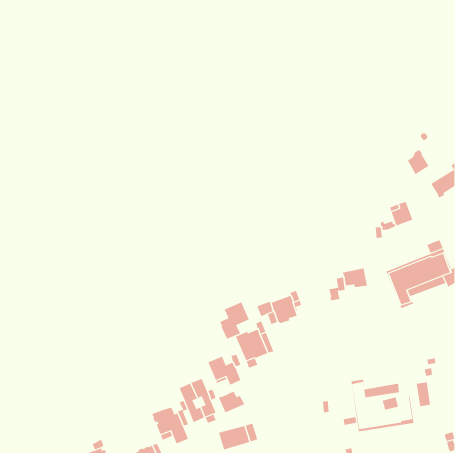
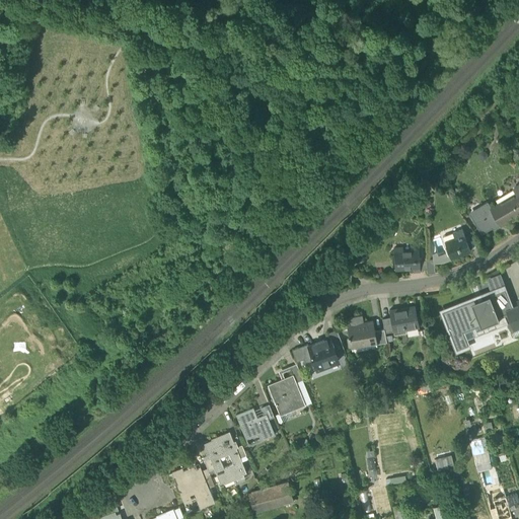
building: [407,149,429,175] -> [472,205,498,234]
building: none -> [394,251,420,271]
building: none -> [347,317,376,346]
building: [220,301,249,340] -> none
building: [351,379,414,432] -> none
building: [218,388,245,413] -> none

